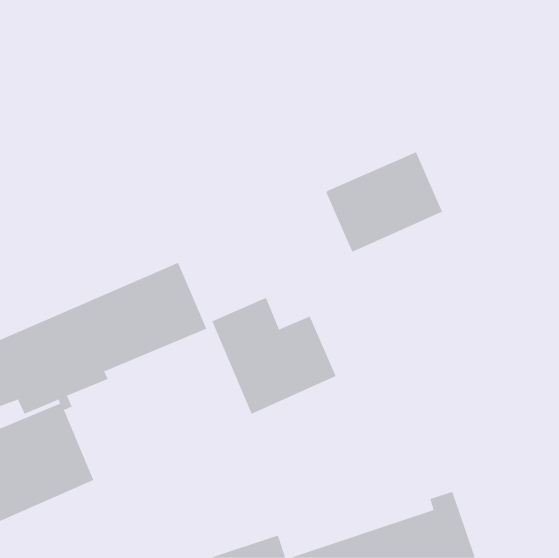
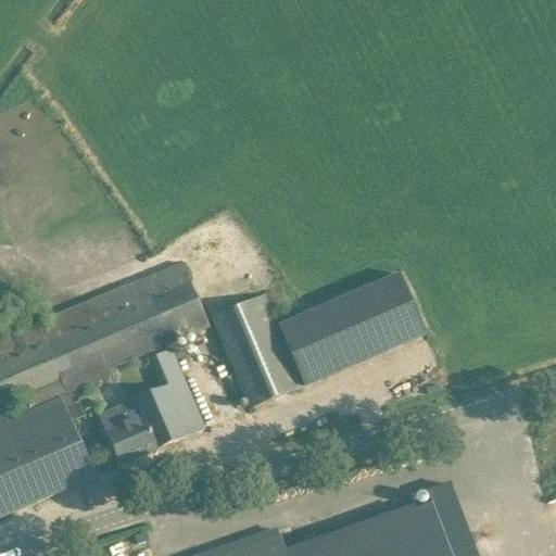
building: [326,152,443,252] -> [307,273,424,372]
building: none -> [98,349,203,466]

